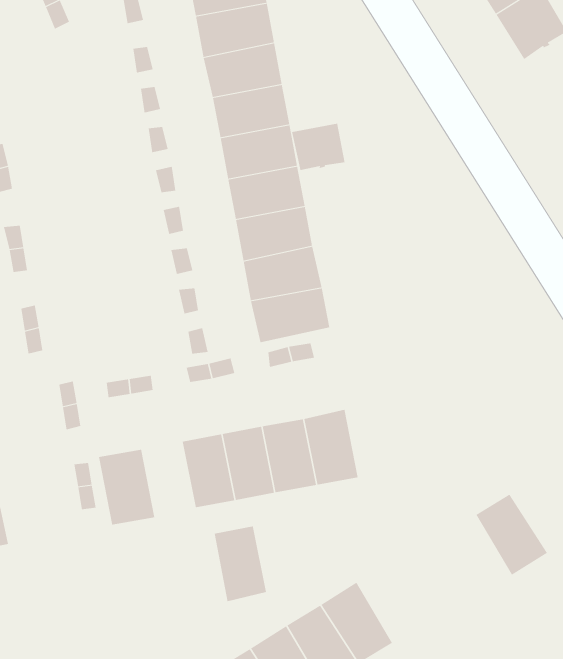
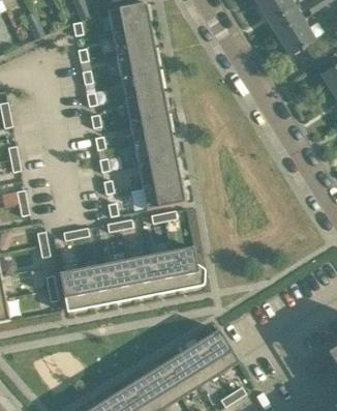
building: [291,123,345,171] -> none
building: [475,494,548,576] -> [200,328,239,373]
building: [214,526,267,602] -> [83,263,112,304]

